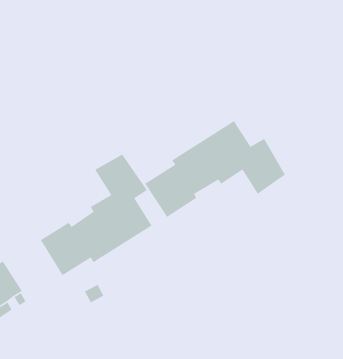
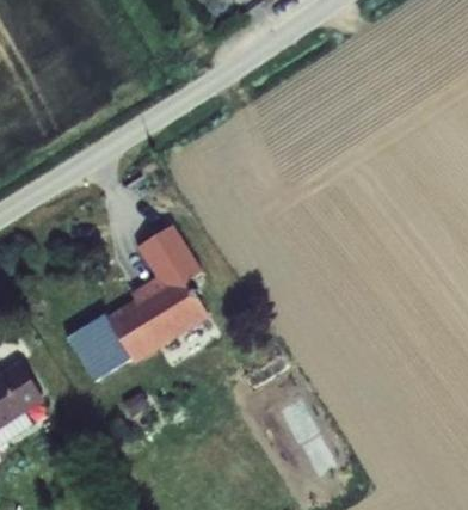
building: [144,120,286,218] -> none

